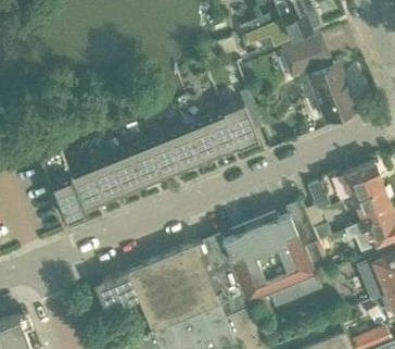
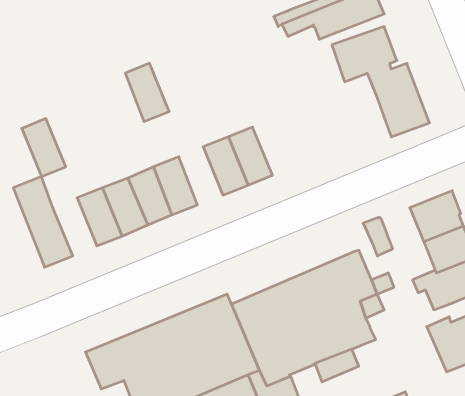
building: [221,103,257,149] -> none
building: [165,127,199,172] -> [125,63,169,121]
building: [68,166,102,211] -> [22,119,66,177]

